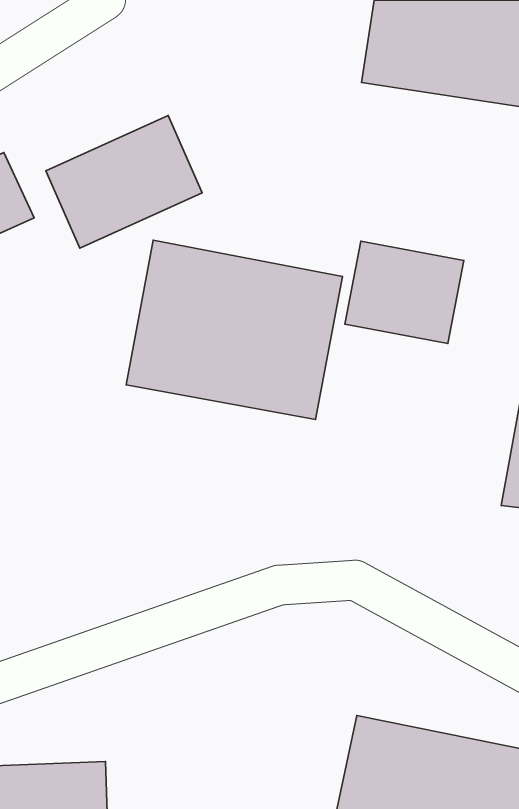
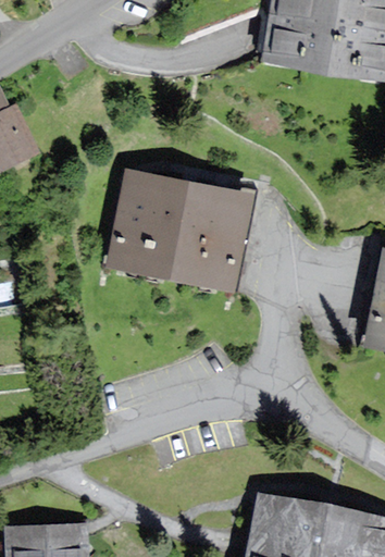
building: [46,115,202,248] -> none
building: [345,241,464,343] -> none

